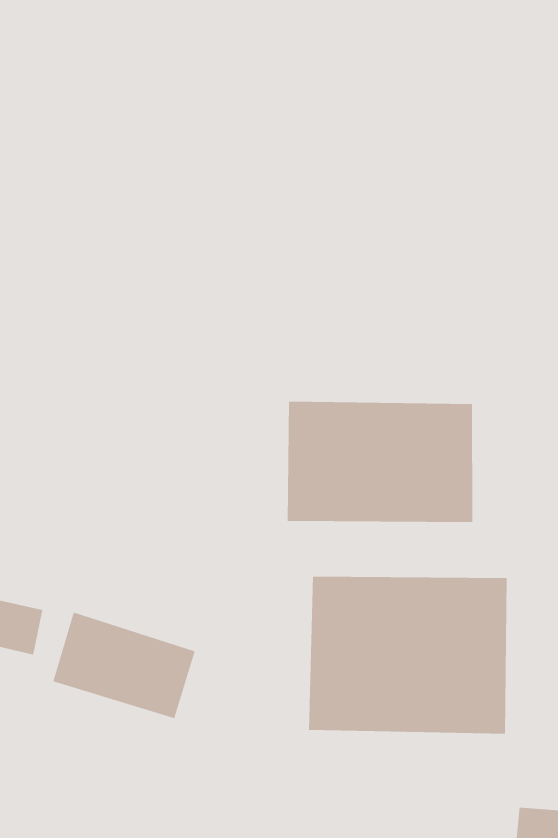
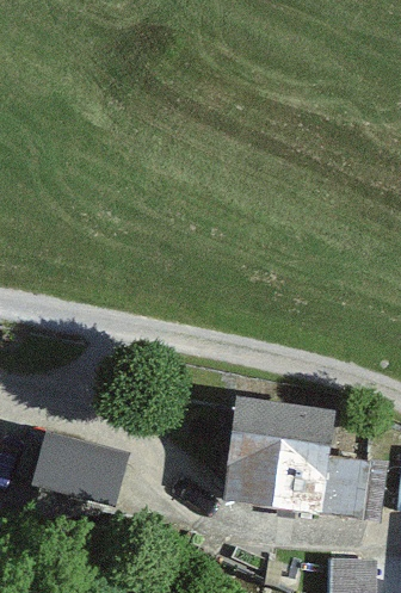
building: [287,401,473,523] -> none

